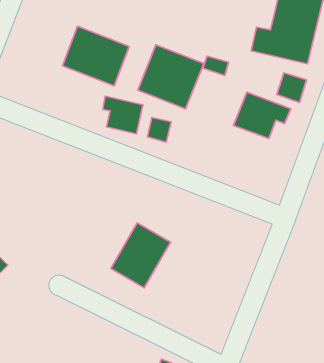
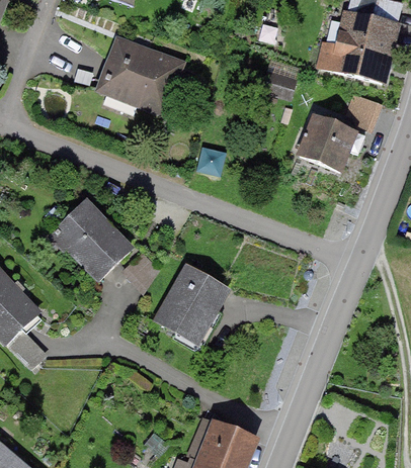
building: [138,45,204,109] -> none
building: [103,96,143,134] -> none
building: none -> [52,199,134,281]

